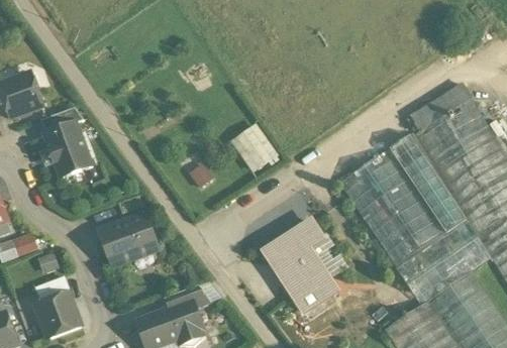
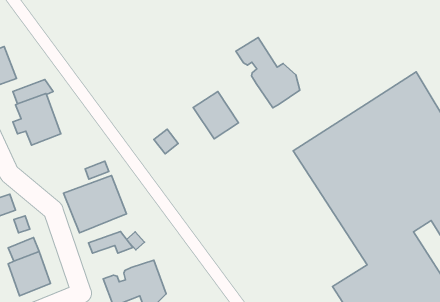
building: none -> [236,37,300,108]
building: [409,80,474,133] -> none
building: [267,219,339,310] -> none
building: [164,285,211,309] -> [89,232,133,253]

